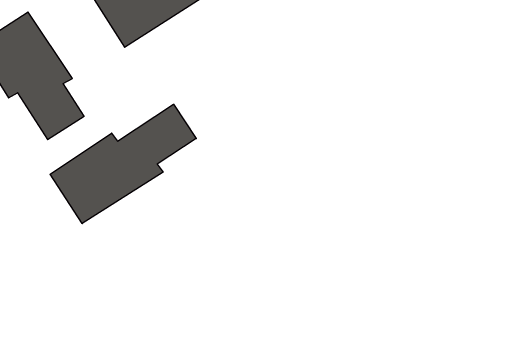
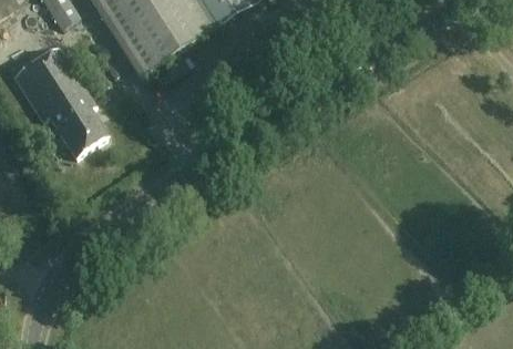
building: [50,104,196,224] -> none

